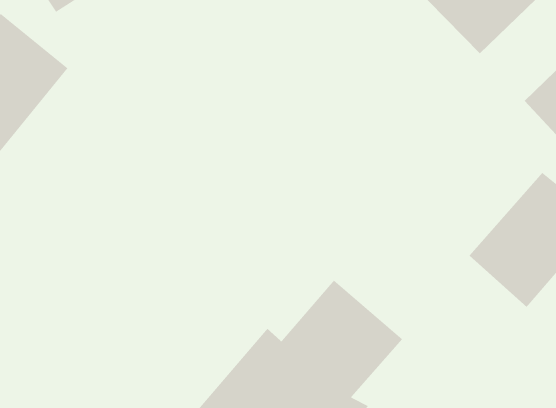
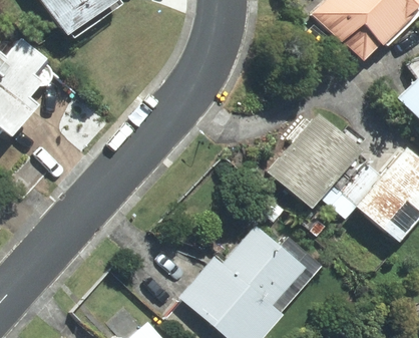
building: none -> [265,111,362,209]

